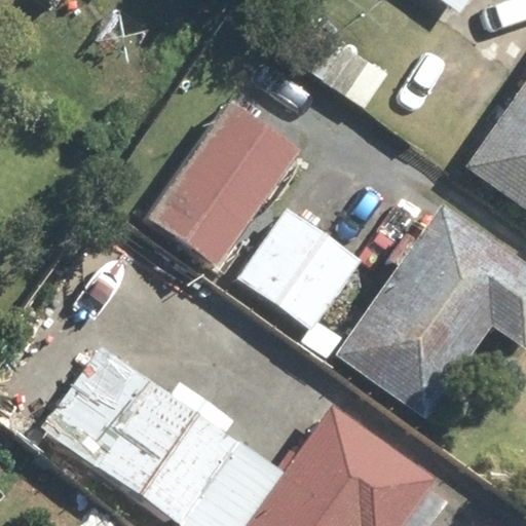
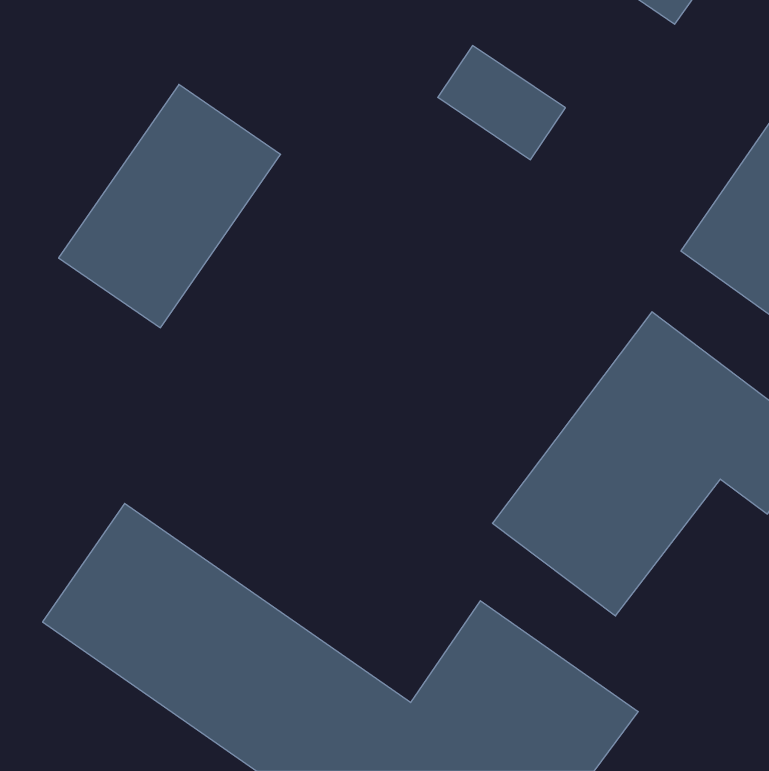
building: [147,101,297,265] -> [59,84,281,328]
building: [239,208,365,333] -> none

